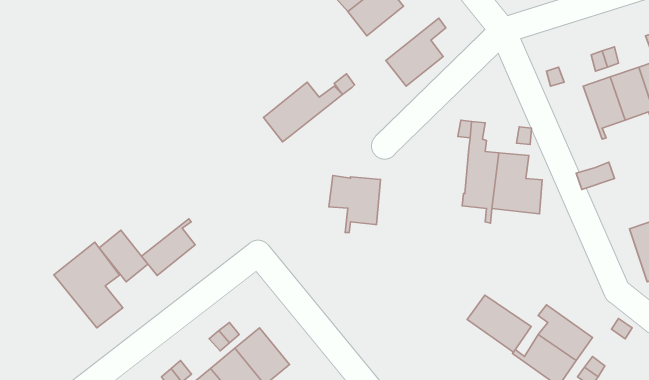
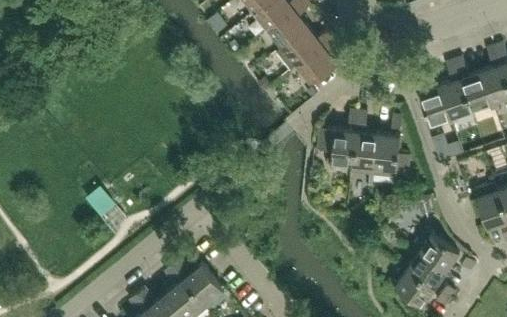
building: [264,82,342,142] -> [277,27,335,71]
building: none -> [420,86,455,127]
building: [329,176,381,233] -> [319,129,357,171]
building: [142,219,195,276] -> none
building: [54,242,123,328] -> none
building: [467,295,531,352] -> [414,229,461,271]

